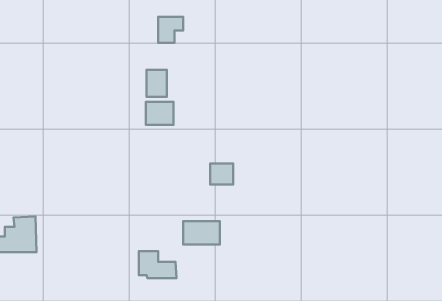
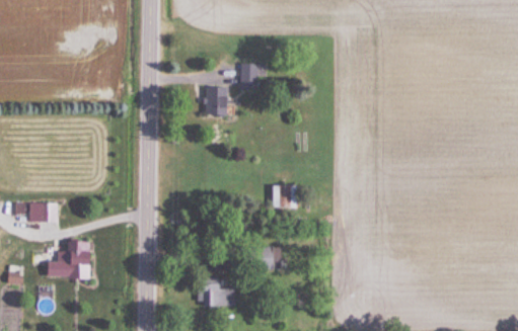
building: [158,17,183,43] -> [242,62,269,89]
building: [146,102,174,125] -> none

